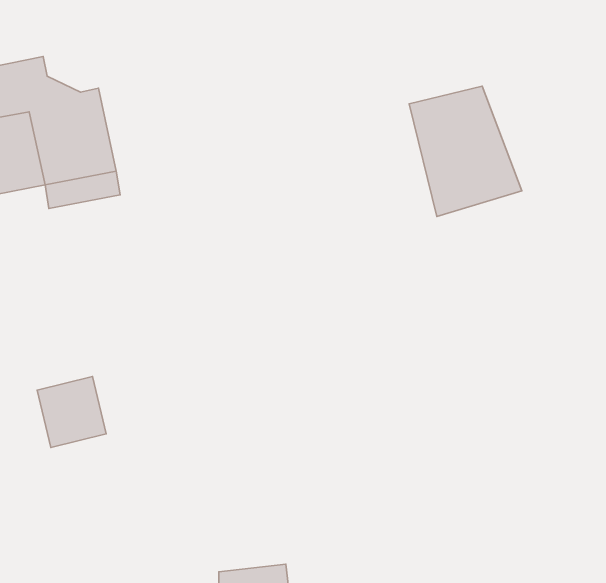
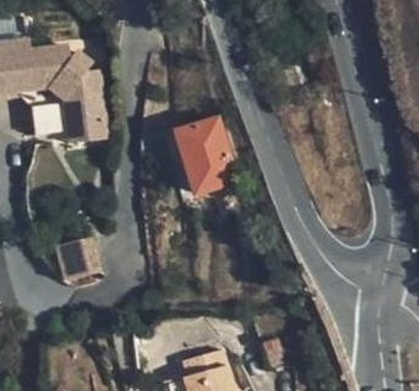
building: [409,86,522,217] -> [173,116,241,196]

